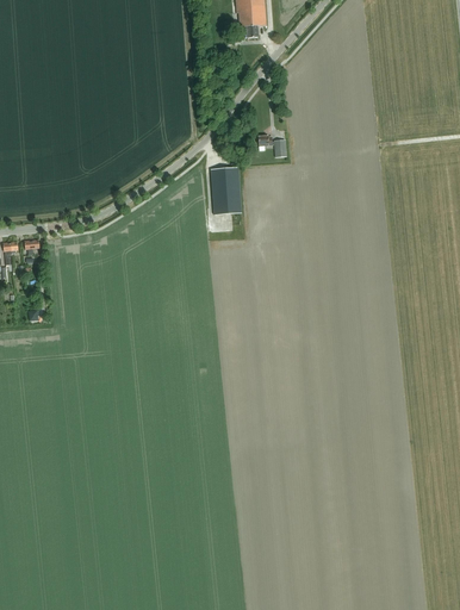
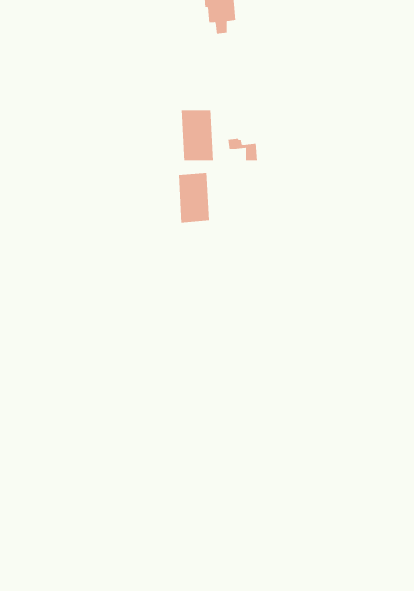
building: none -> [181,109,213,161]

